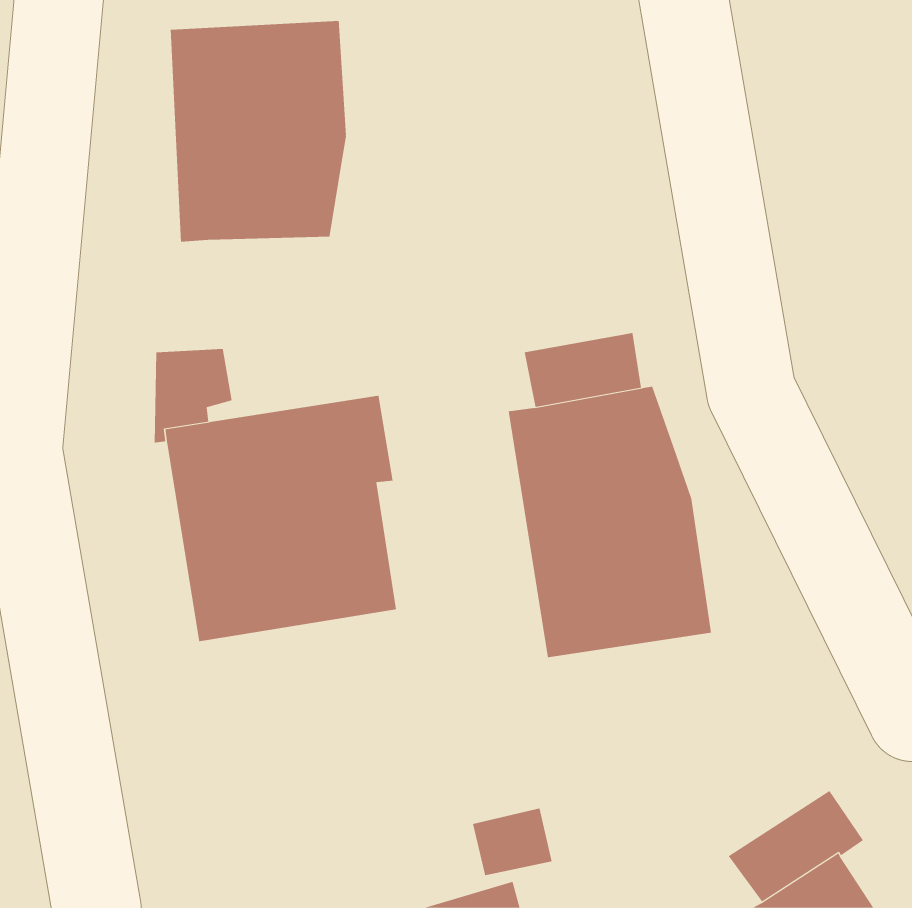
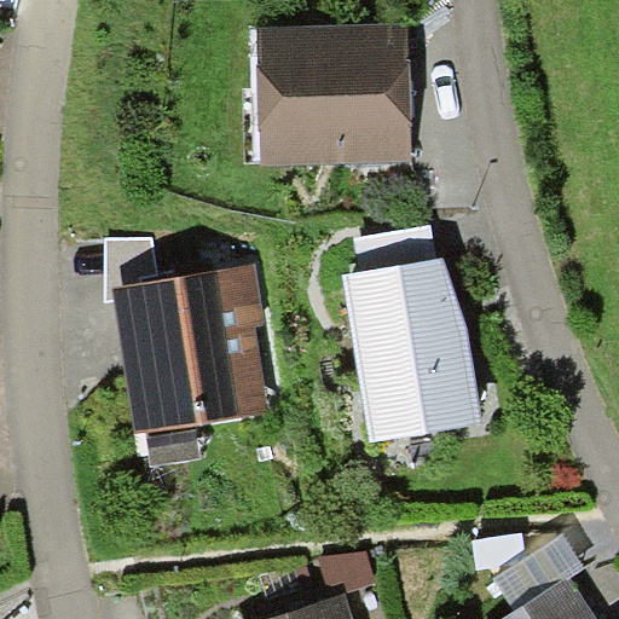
building: [170,20,346,243] -> none
building: none -> [255,23,412,168]

